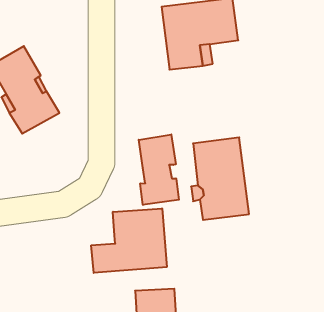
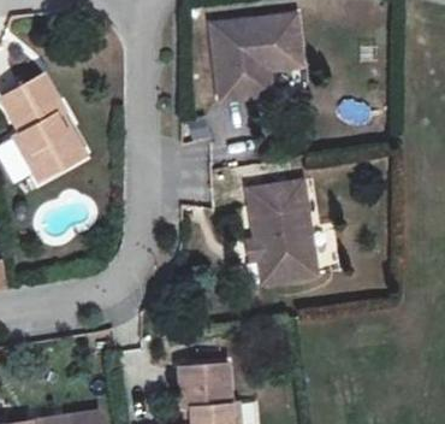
building: [139,134,179,205] -> none
building: [91,208,167,273] -> none

